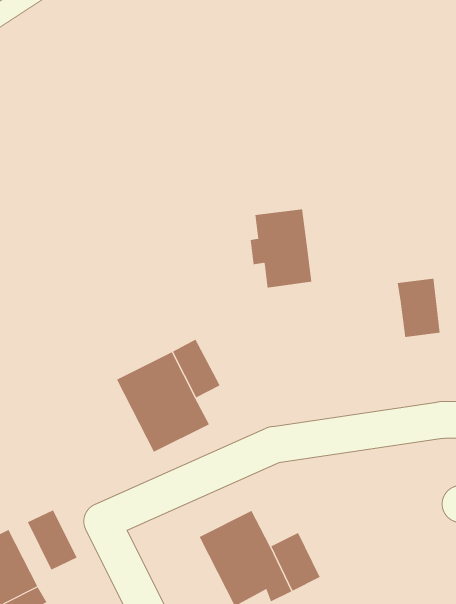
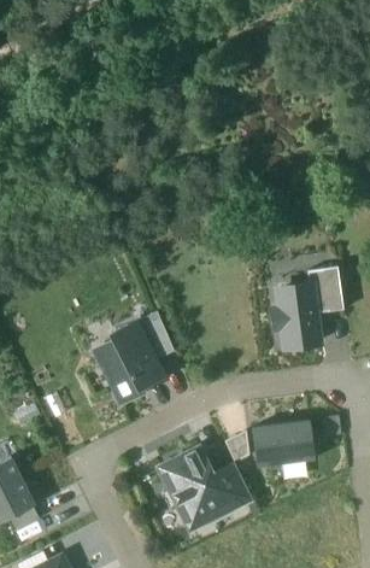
building: [250,209,312,288] -> [271,286,319,347]
building: none -> [251,420,312,467]
building: [27,509,78,570] -> none

